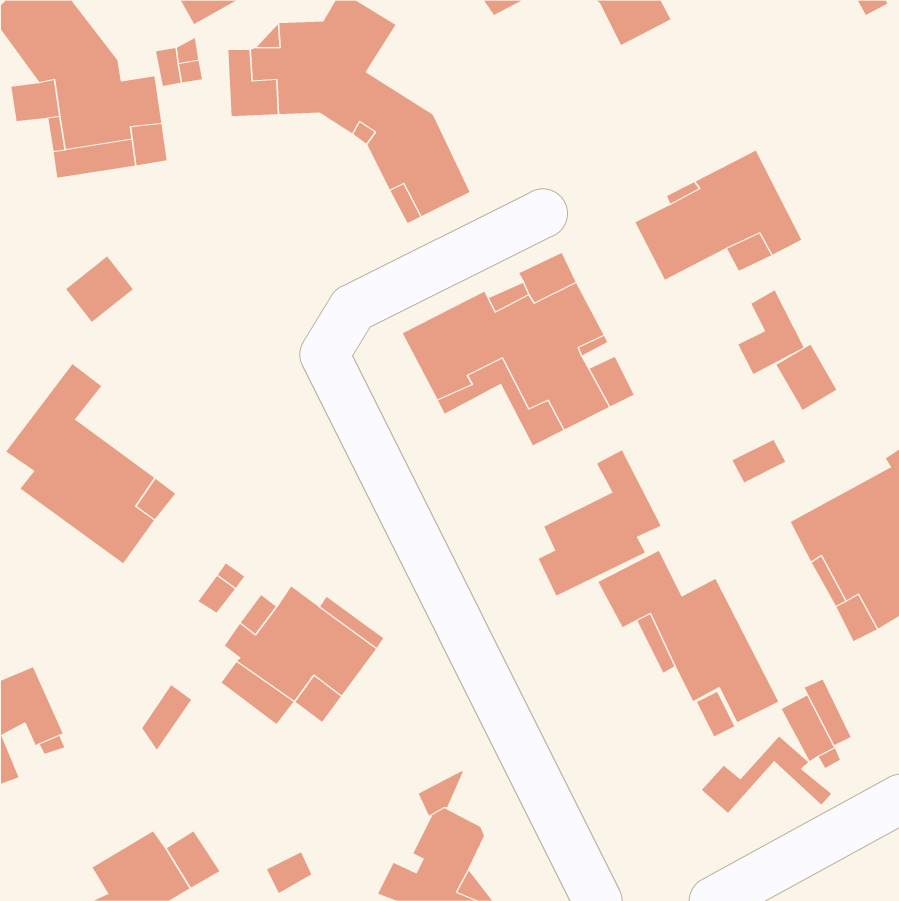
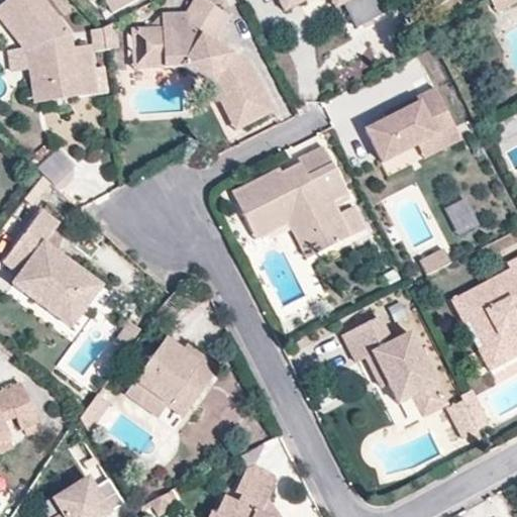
building: [737,290,804,375] -> none
building: [538,450,662,597] -> none
building: [701,735,832,814] -> none

